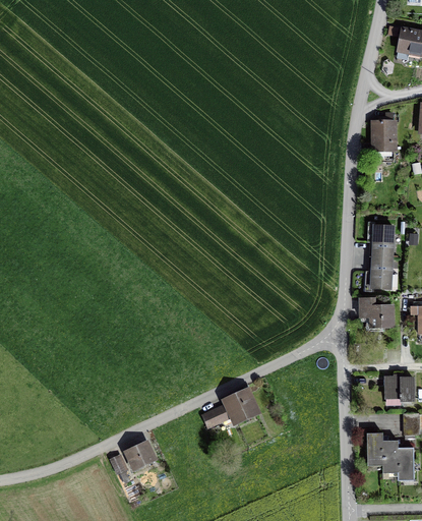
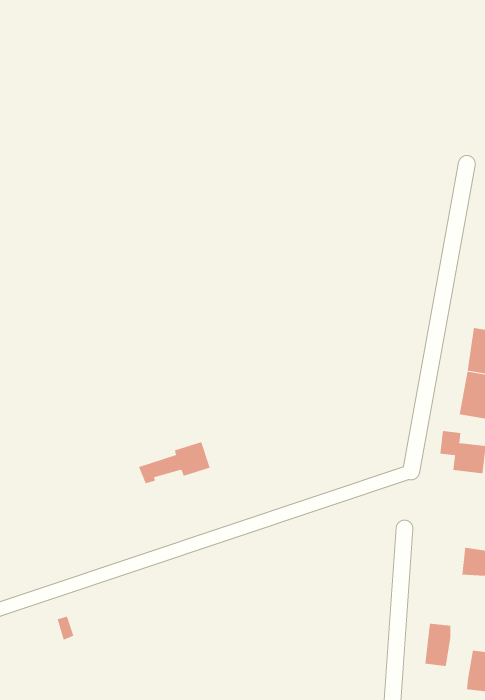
building: [204,393,254,426] -> [138,442,211,484]
building: [382,440,399,468] -> none
building: [126,442,155,468] -> none

